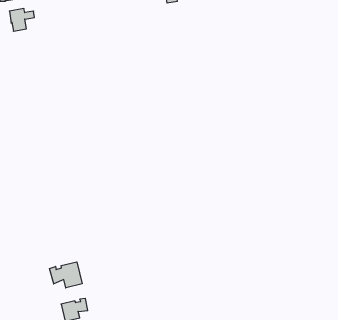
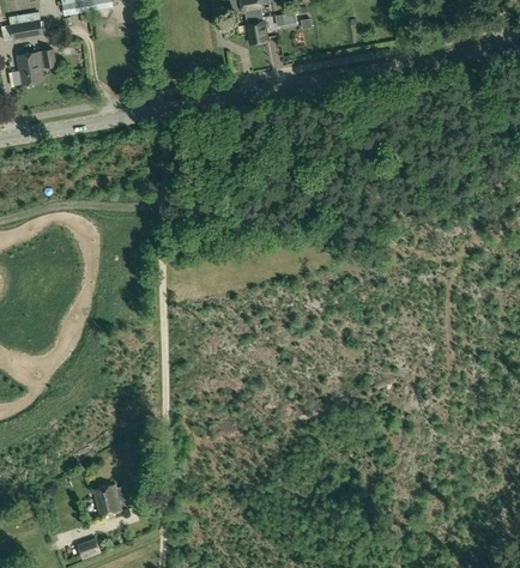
building: [50,262,82,288] -> none

